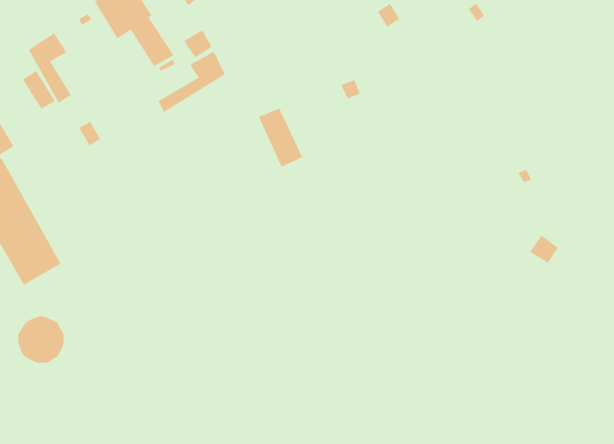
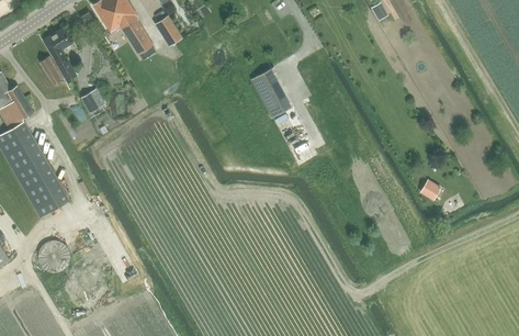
building: [157,50,226,113] -> none
building: [258,108,303,168] -> [252,70,286,115]

